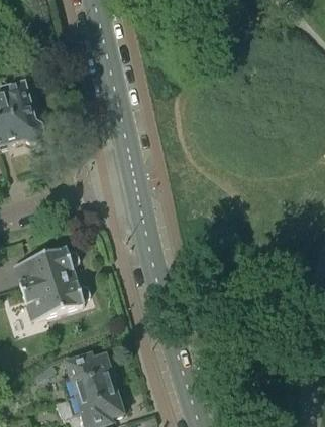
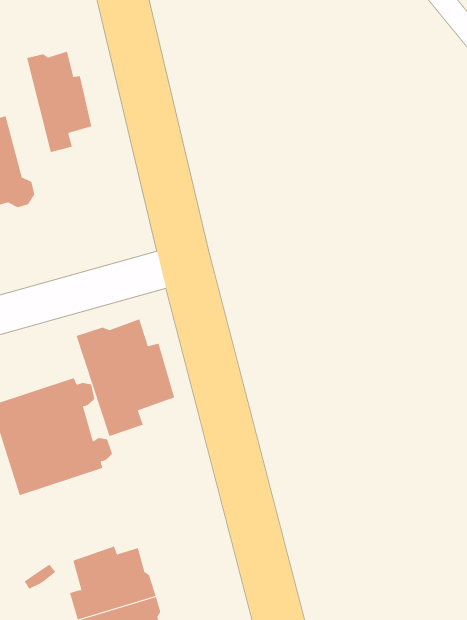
building: none -> [27,51,92,153]
building: none -> [76,318,175,437]

